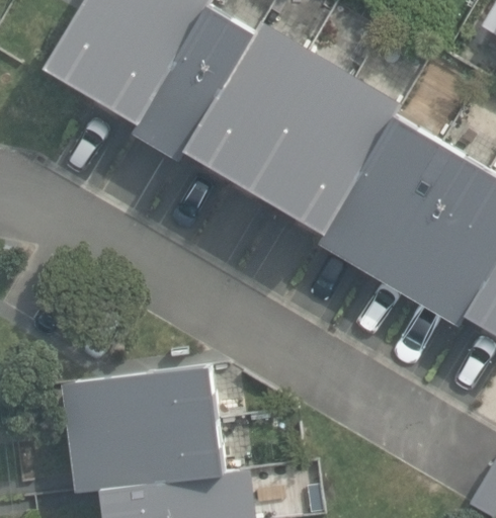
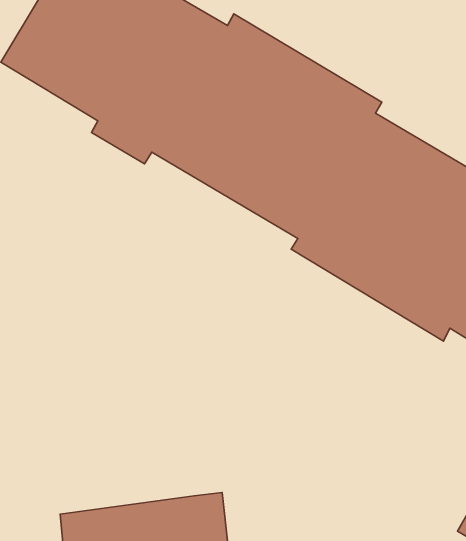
building: [61,364,224,493] -> none

